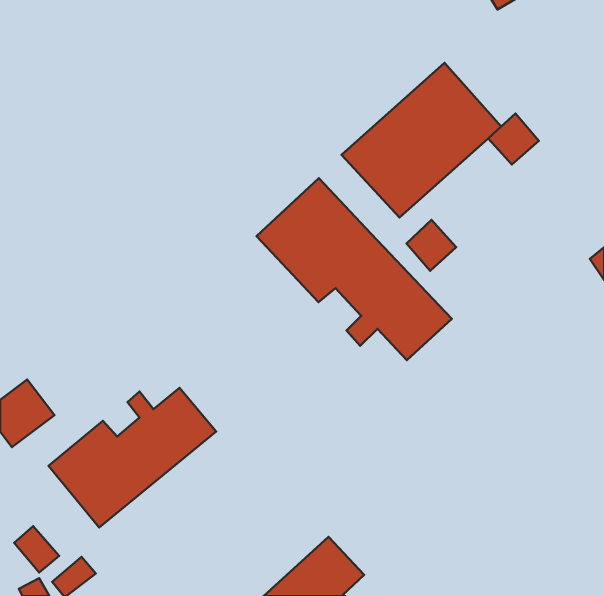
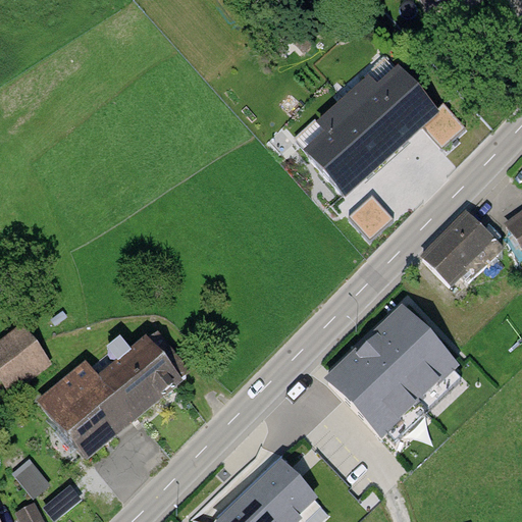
building: [257,178,452,360] -> none
building: none -> [423,213,504,282]
building: none -> [328,308,456,434]

